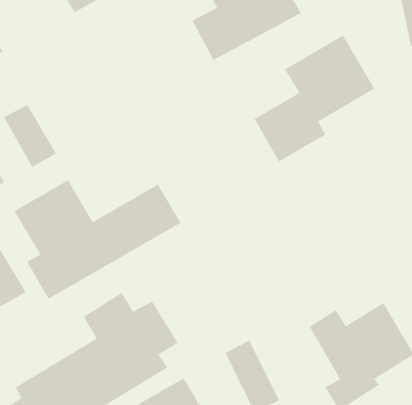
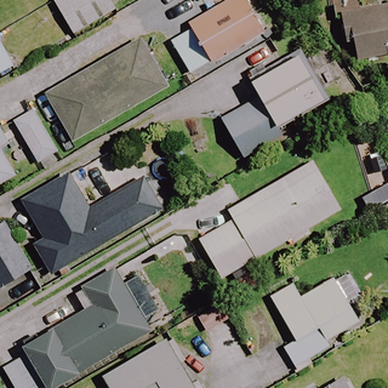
building: none -> [45,34,167,141]
building: none -> [199,160,340,276]

